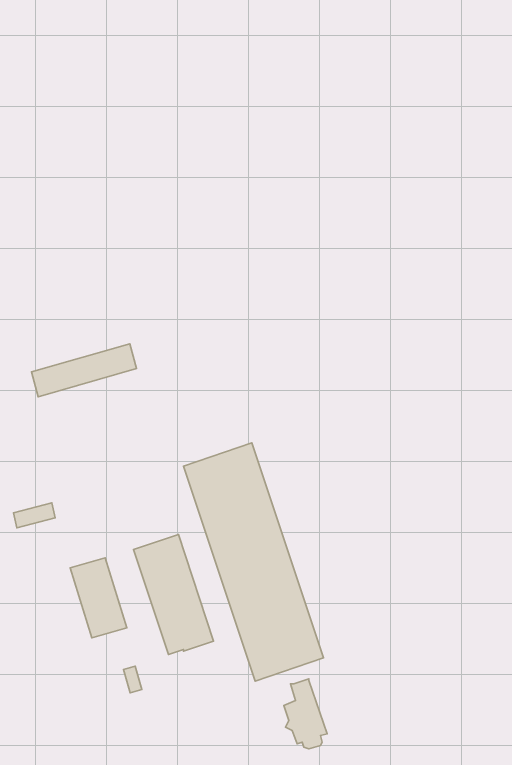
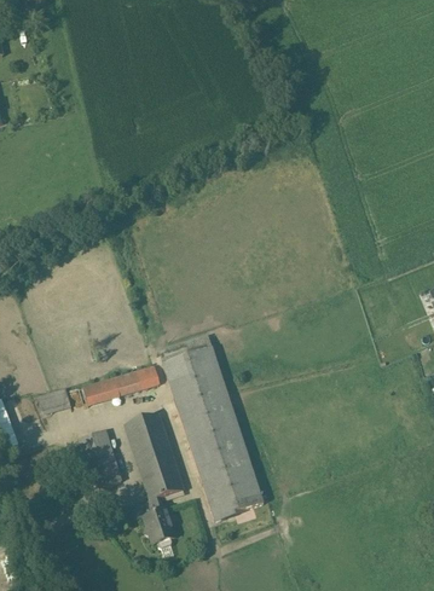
building: [31,344,136,397] -> [81,364,157,402]
building: [284,679,327,749] -> [143,496,174,546]

